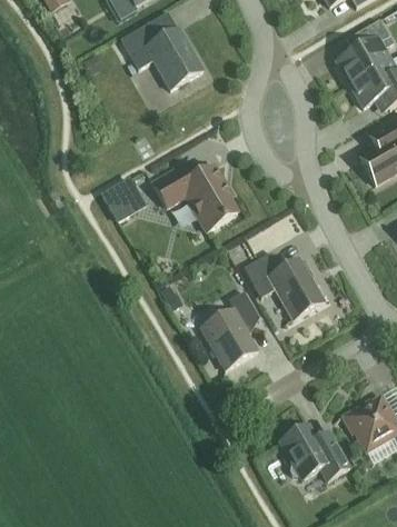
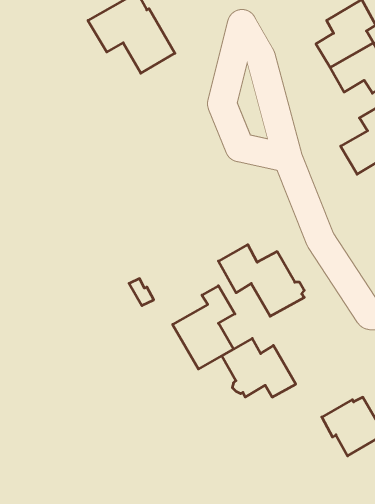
building: [151,160,237,231] -> none
building: [102,178,135,220] -> none
building: [279,424,349,479] -> [222,338,296,397]

